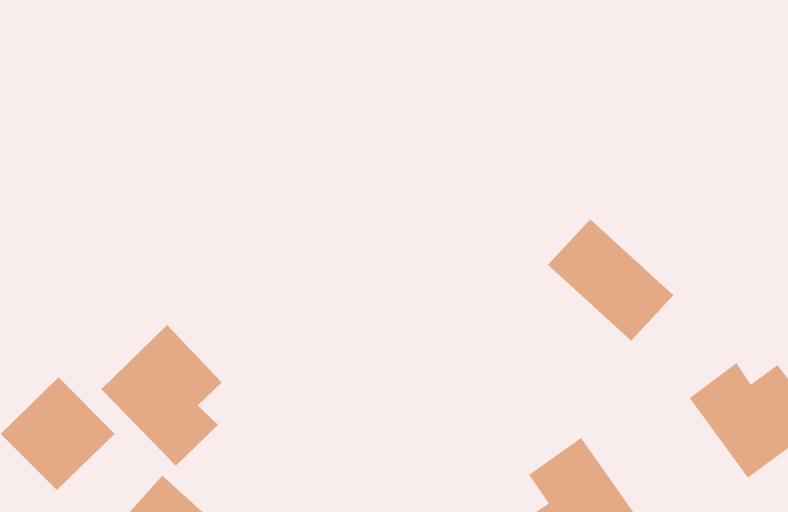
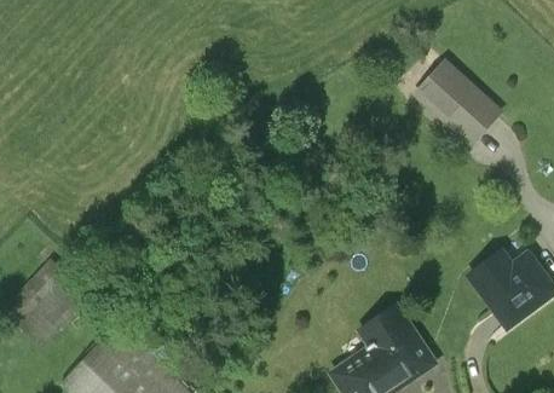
building: [547,218,674,342] -> [417,57,503,140]
building: [100,324,222,466] -> none

